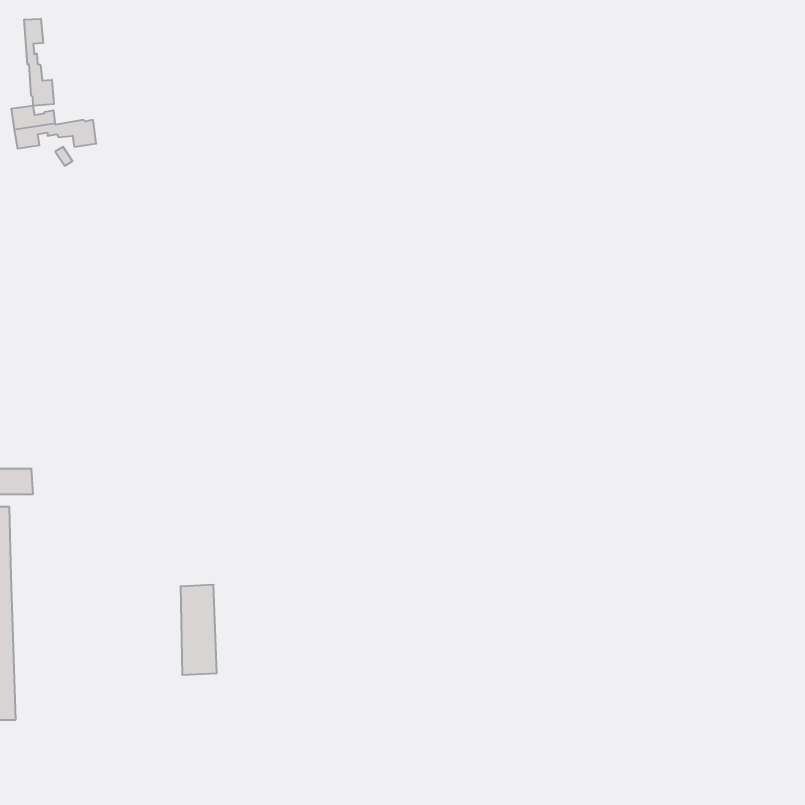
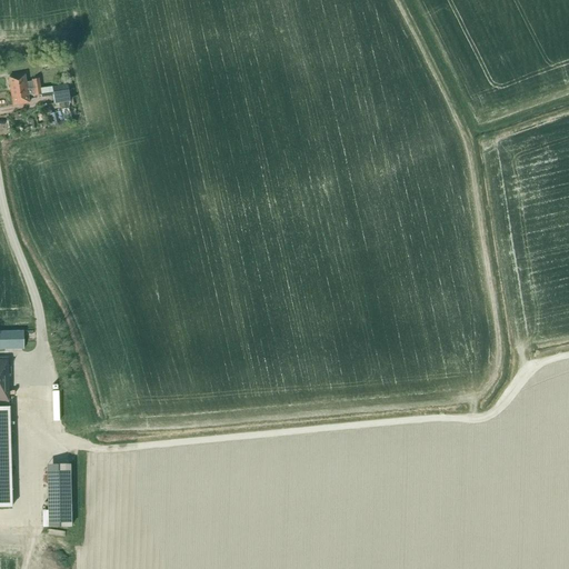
building: [24,19,54,106] -> none
building: [180,585,217,675] -> [46,463,71,527]

